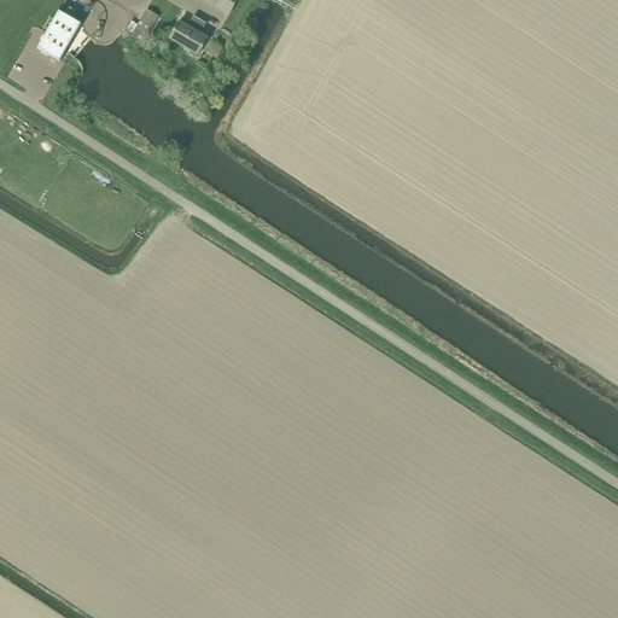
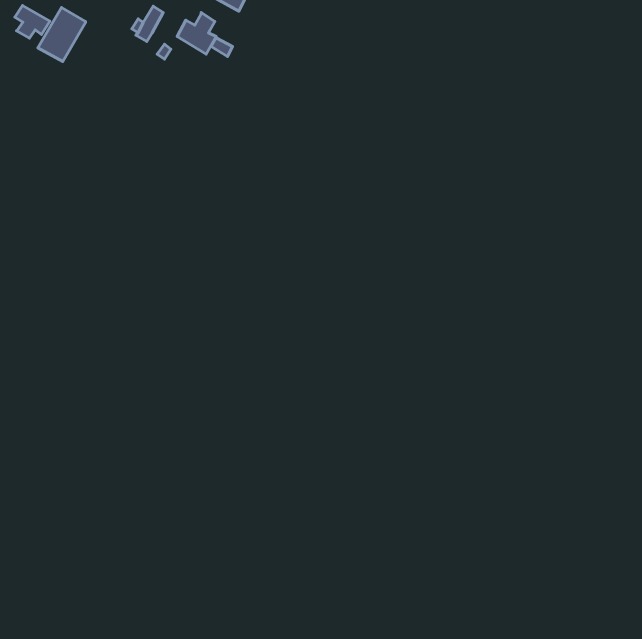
building: none -> [15,5,50,38]

